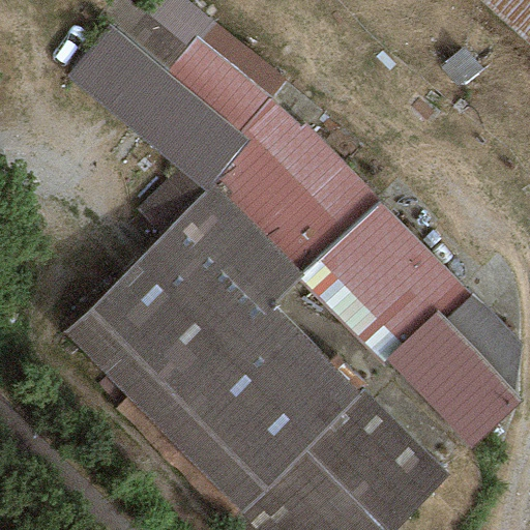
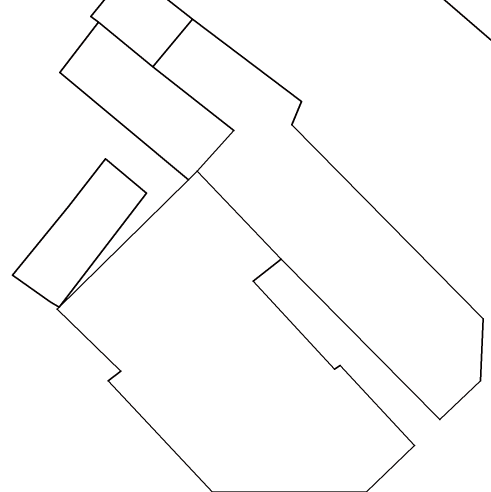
building: none -> [12,159,147,307]

